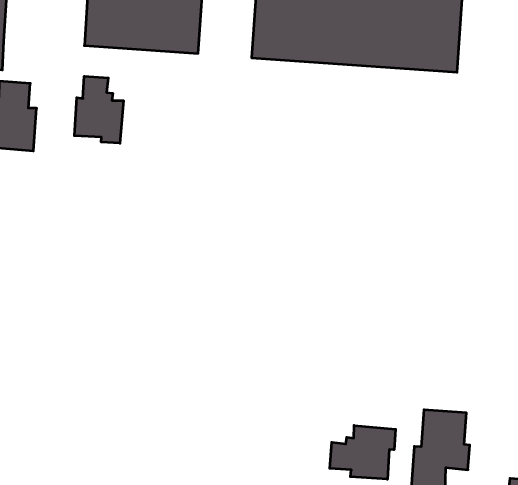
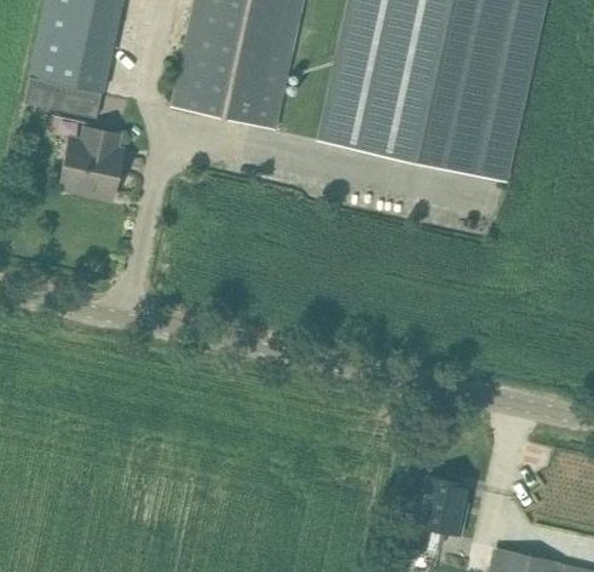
building: [74,76,123,143] -> none
building: [330,425,396,479] -> none

